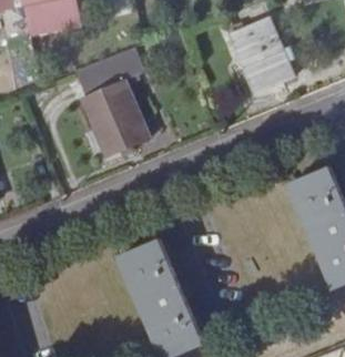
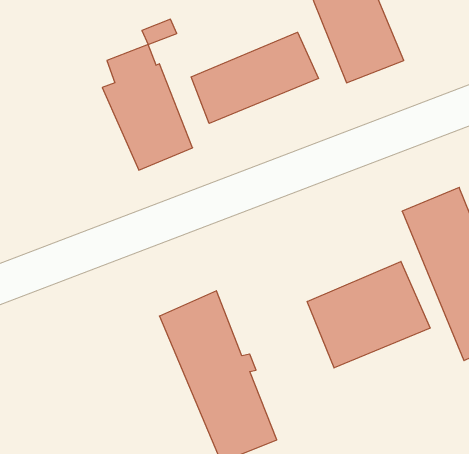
building: none -> [191,32,319,123]
building: none -> [307,261,430,368]

